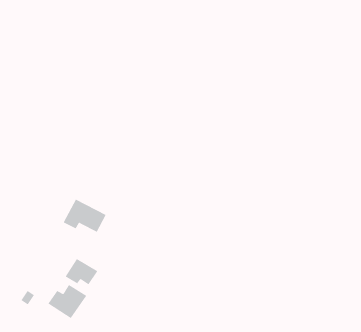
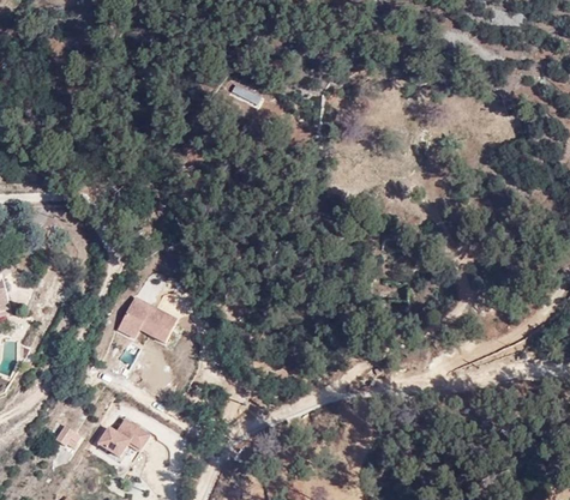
building: [65,258,98,285] -> none

